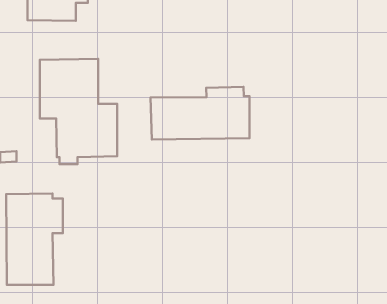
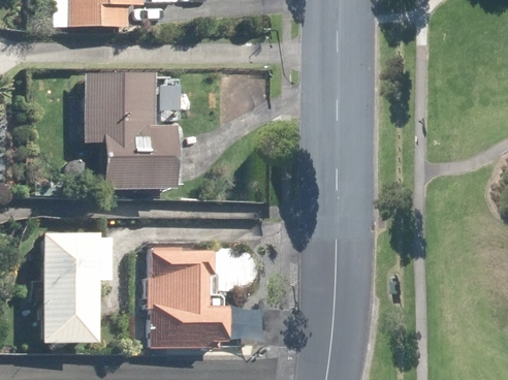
building: [151,87,250,140] -> none
building: none -> [148,248,230,348]

